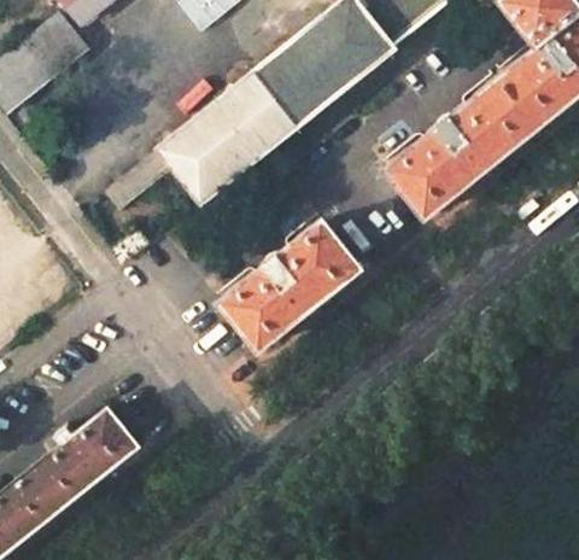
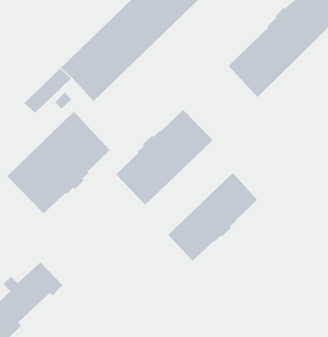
building: none -> [7,111,111,214]
building: none -> [167,172,258,261]

